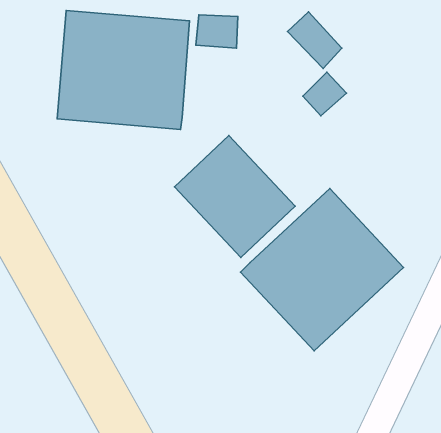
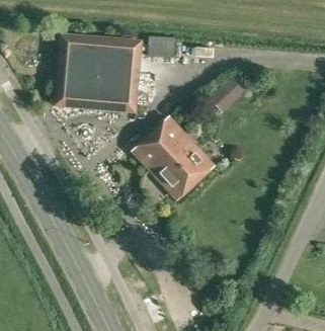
building: [287,12,342,68] -> none
building: [240,189,404,351] -> none

